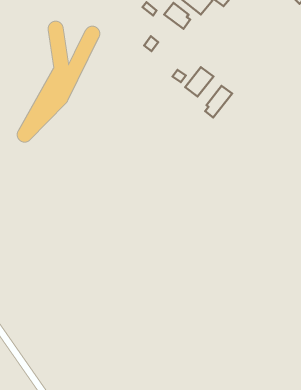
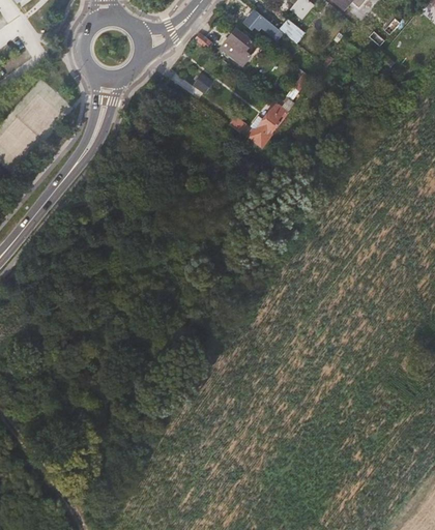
building: [205,86,232,118] -> none

